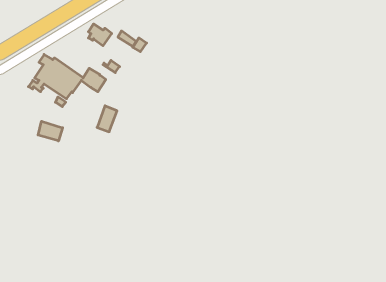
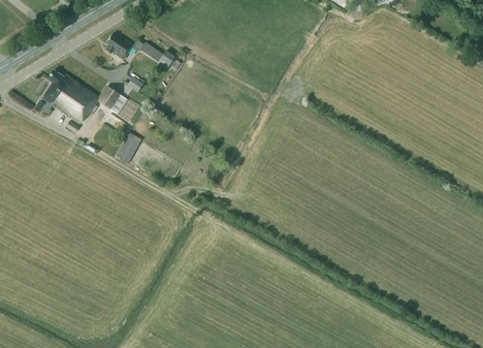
building: [38,121,63,141] -> none

